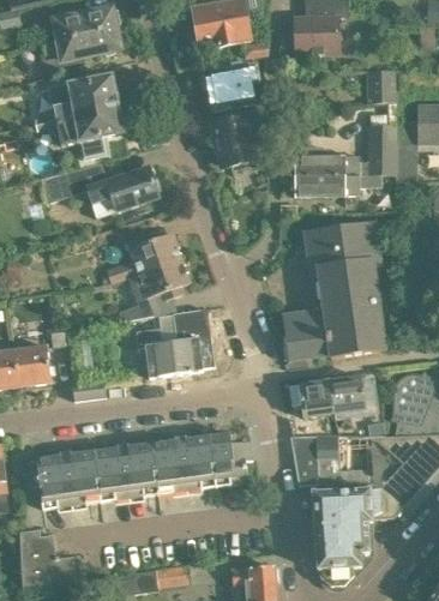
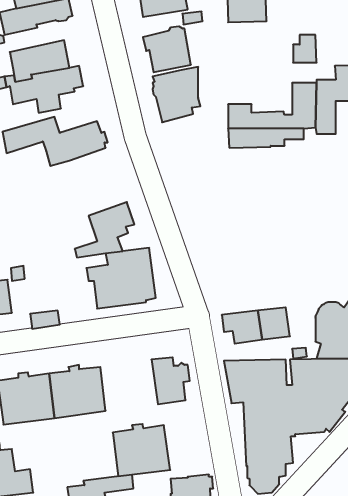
building: [282,220,384,359] -> none
building: [106,232,181,282] -> none
building: [151,433,216,492] -> [113,424,170,476]

